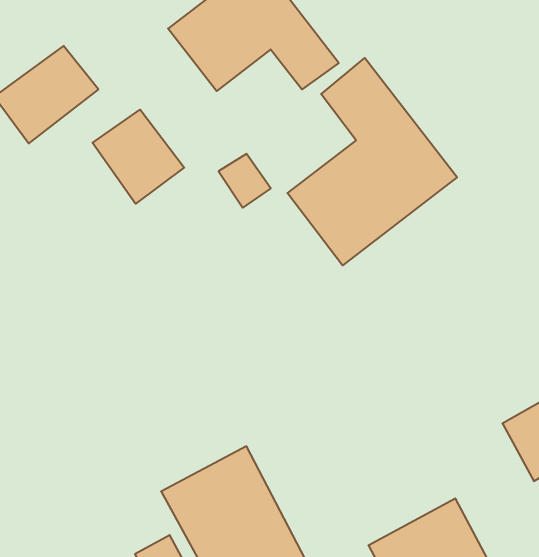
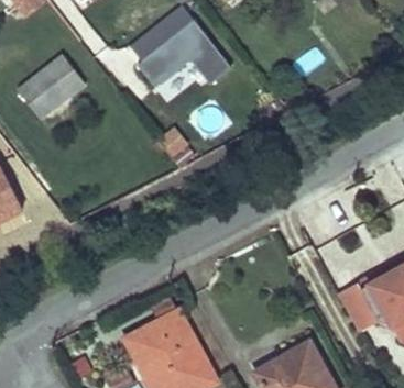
building: [287,58,457,265] -> none
building: [93,110,184,204] -> none

